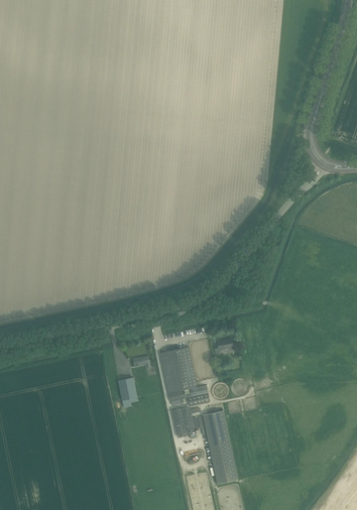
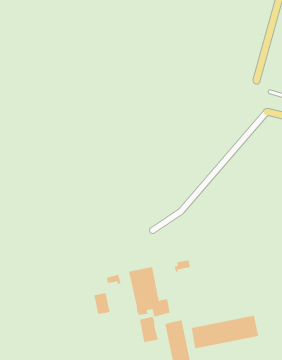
building: none -> [191,315,259,349]

